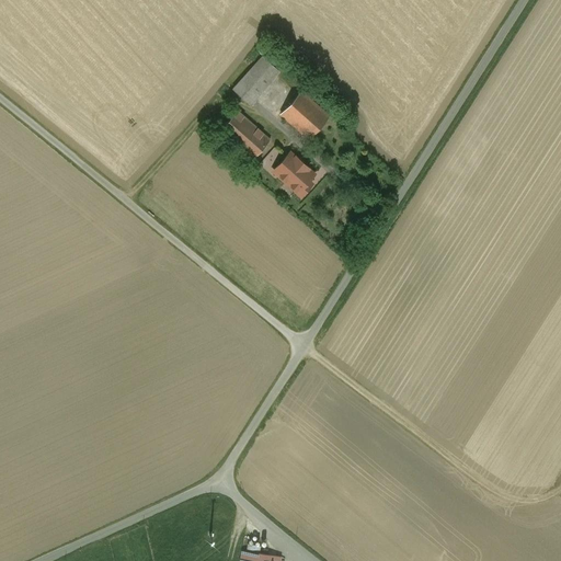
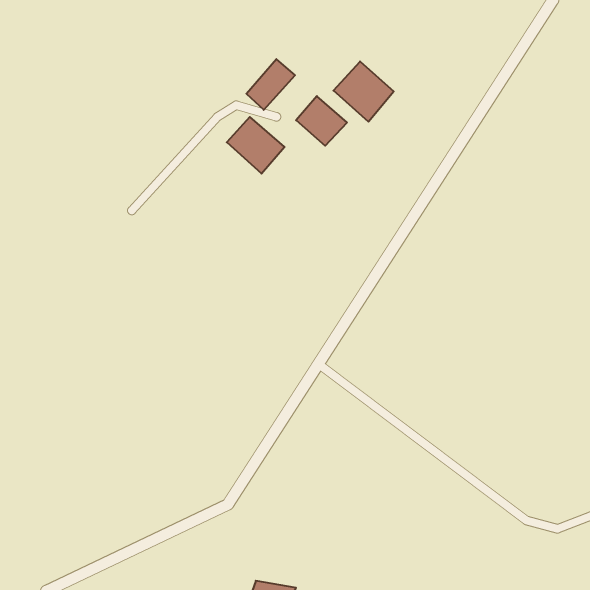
building: none -> [333,61,394,122]
building: [276,153,316,197] -> none

